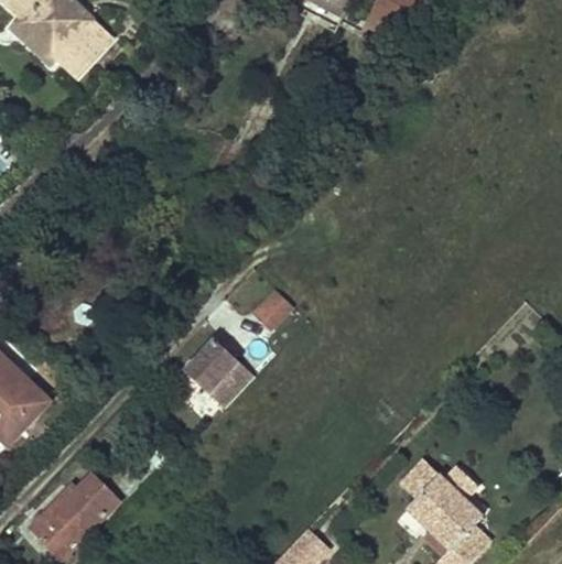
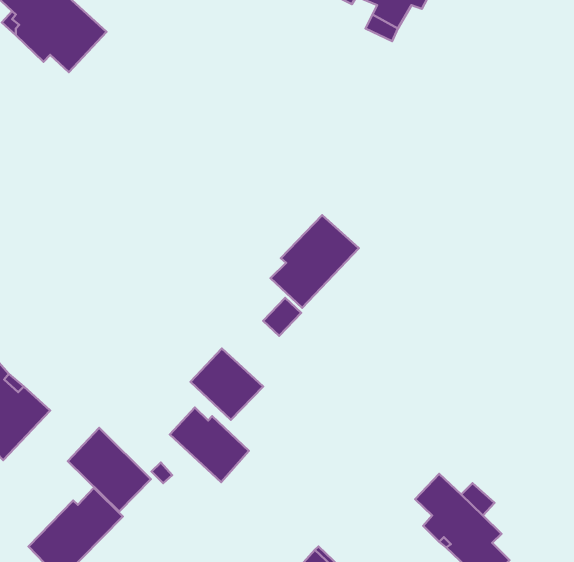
building: none -> [271,215,359,308]
building: none -> [170,407,249,482]
building: none -> [68,428,151,511]

